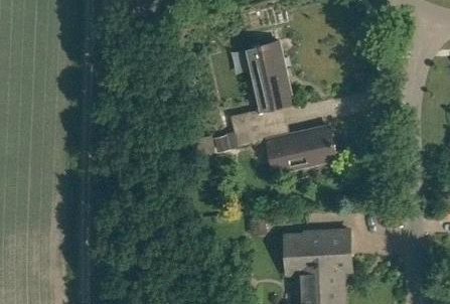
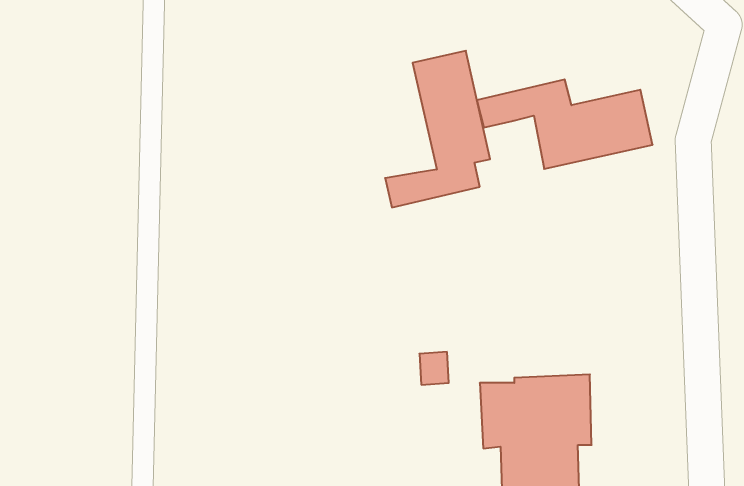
building: [235,121,337,173] -> [477,79,653,169]

